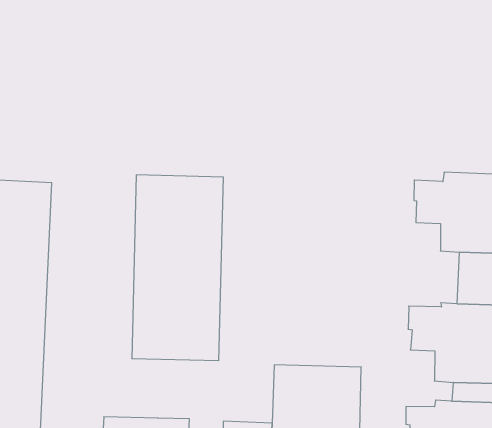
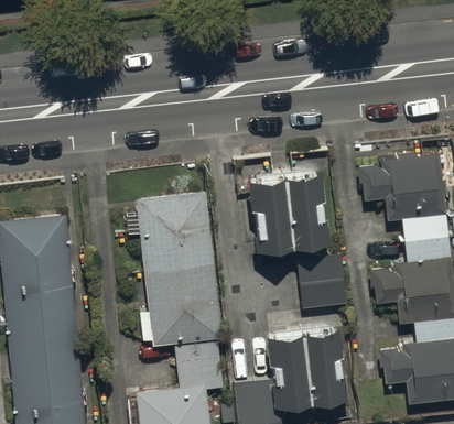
building: none -> [250,174,329,256]
building: none -> [296,258,346,314]
building: none -> [175,345,225,393]

